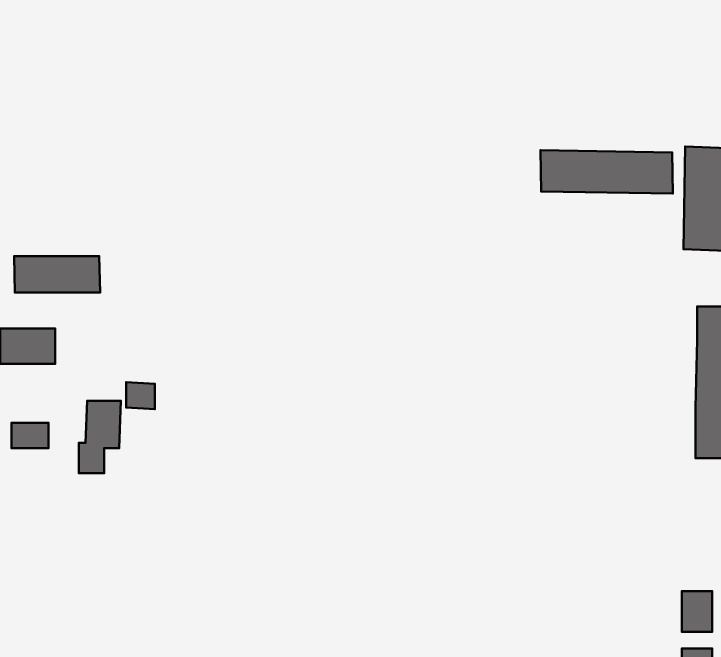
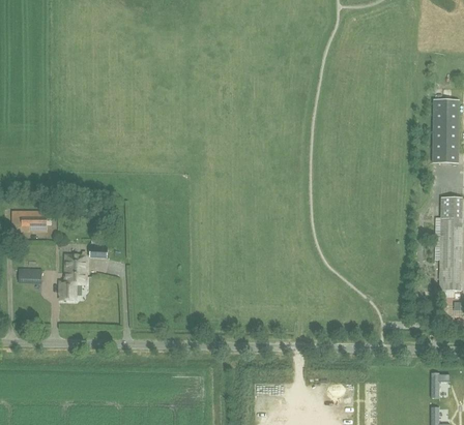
building: [541,150,673,194] -> none
building: [14,256,100,293] -> none

